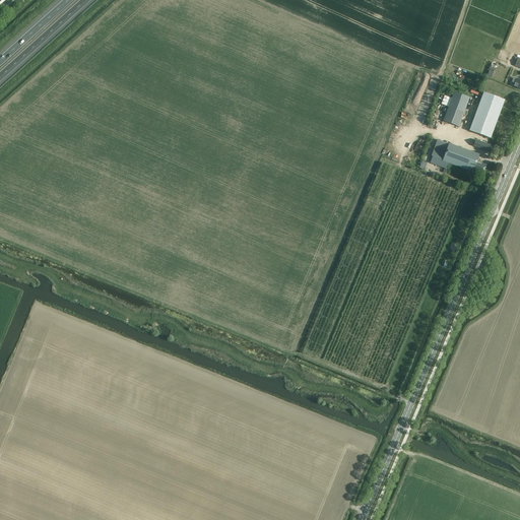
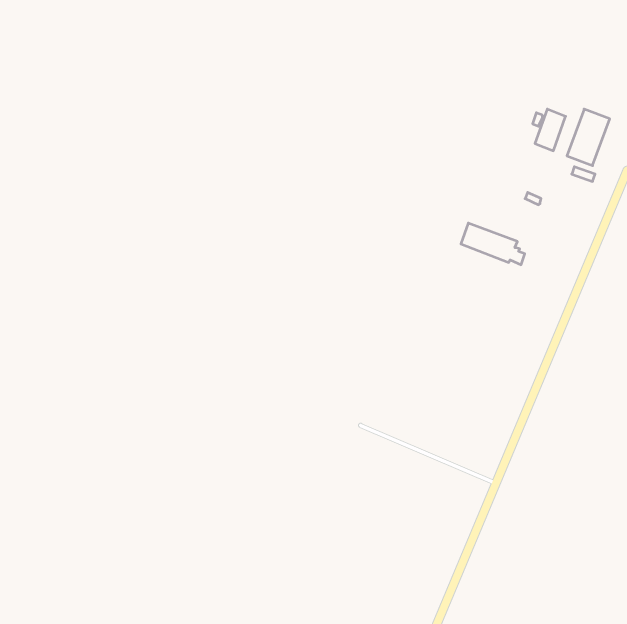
building: [433,138,485,173] -> [461,223,525,265]

